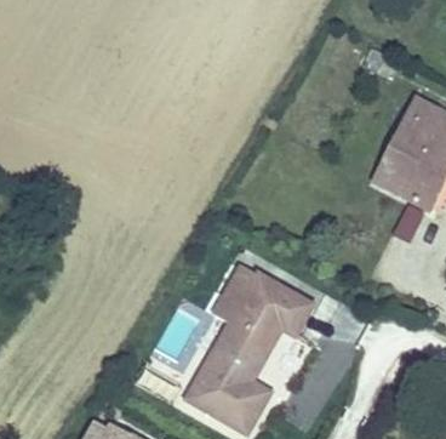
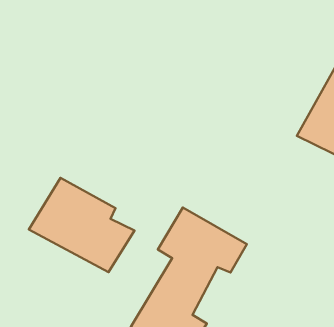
building: none -> [29,178,135,272]

